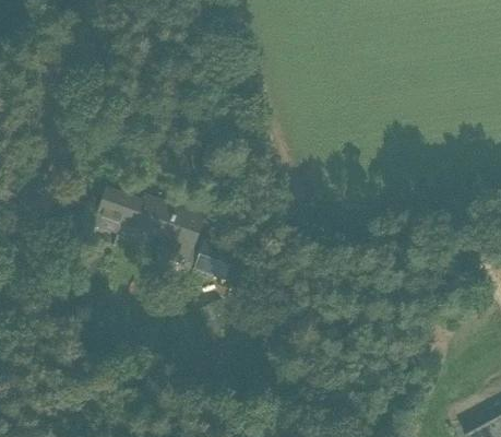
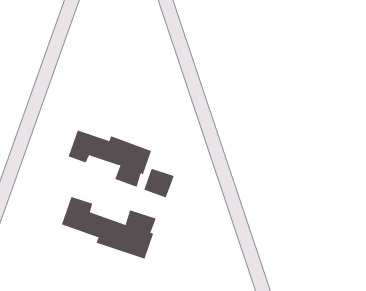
building: none -> [61,196,157,260]

